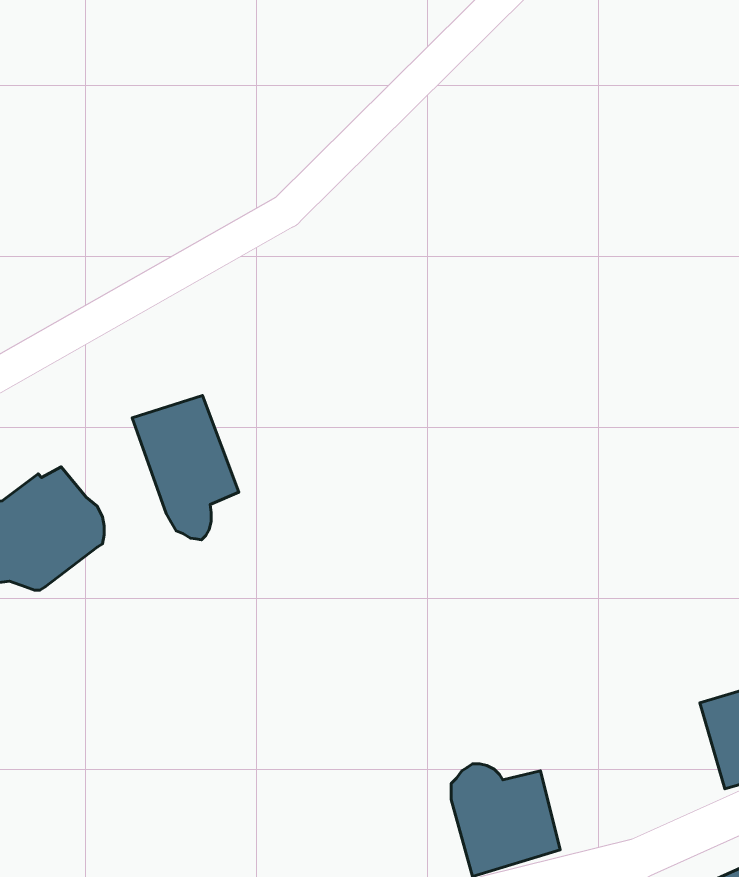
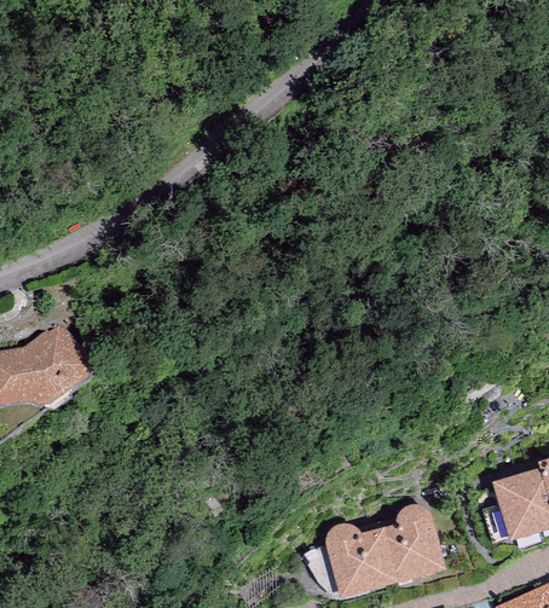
building: [132,396,239,540] -> none
building: none -> [386,505,445,583]

